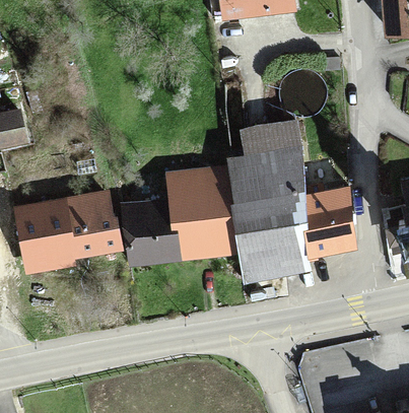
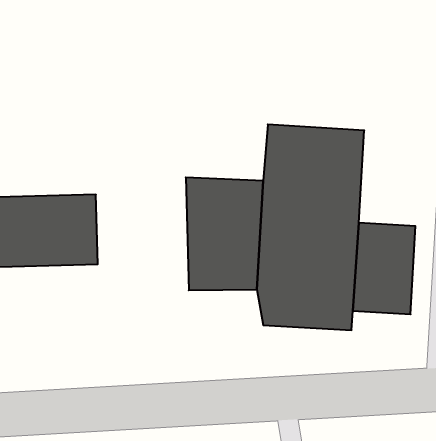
building: [121,193,184,266] -> none

